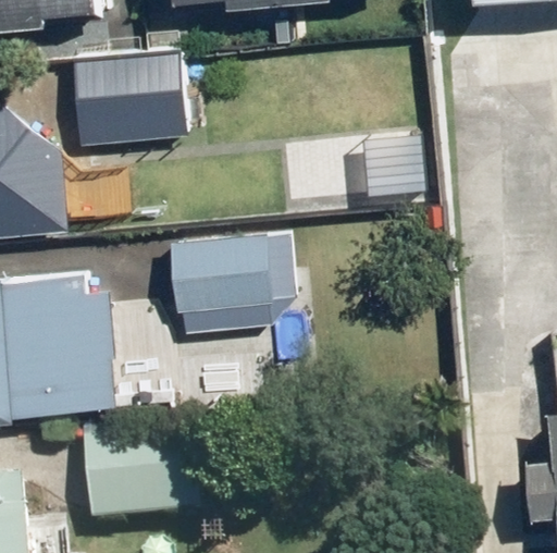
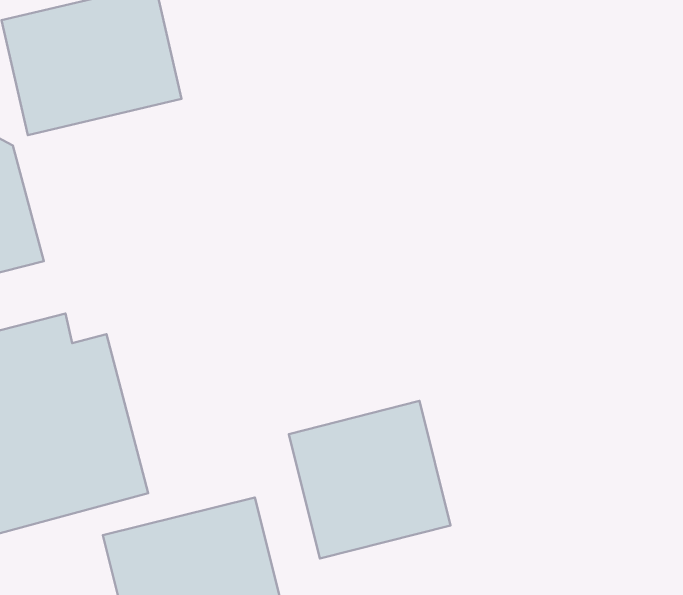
building: [168,234,274,315] -> none
building: none -> [289,401,451,559]

